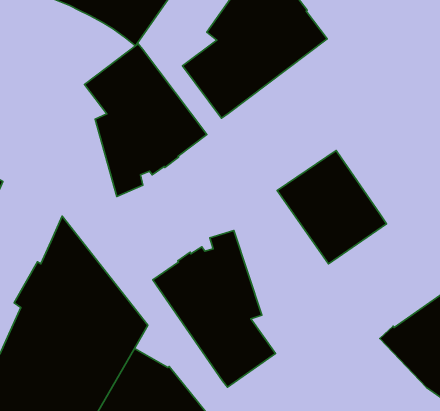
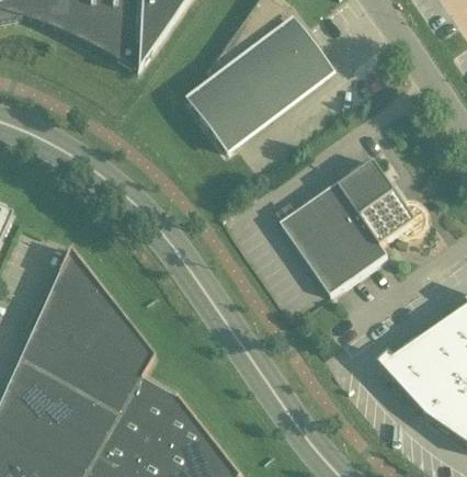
building: [84,44,207,196] -> none
building: none -> [338,158,429,242]
building: [153,230,275,387] -> none

